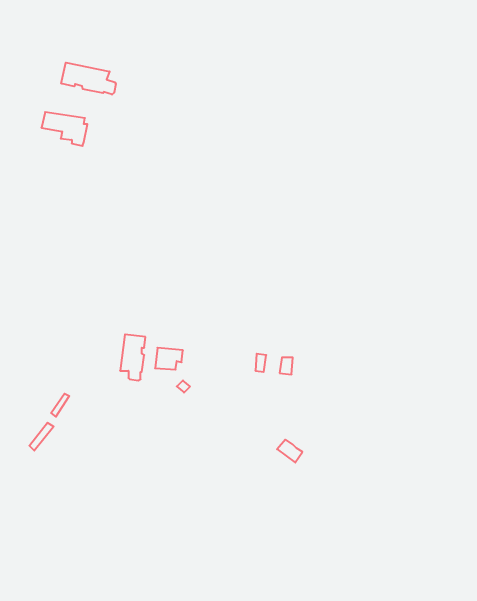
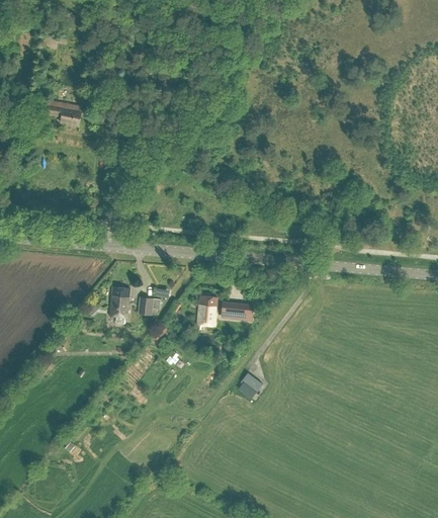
building: [61,63,116,95] -> none
building: none -> [195,294,217,326]

